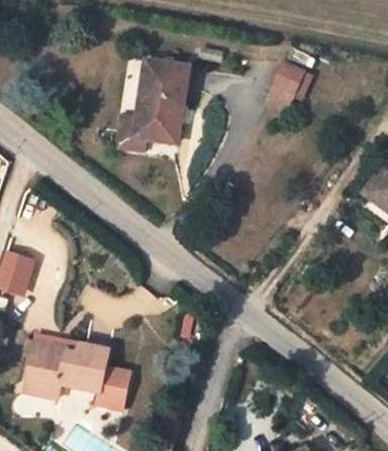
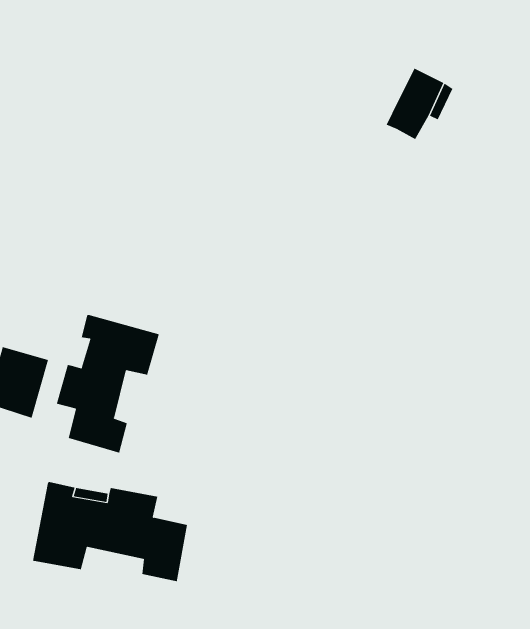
building: [114,62,187,152] -> none
building: none -> [56,314,159,453]

